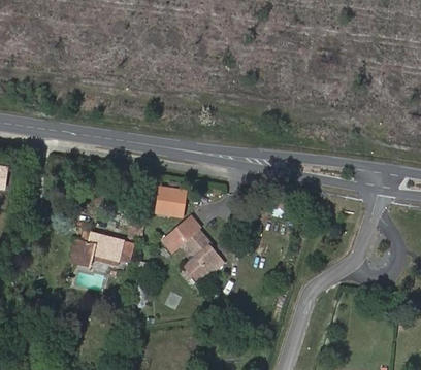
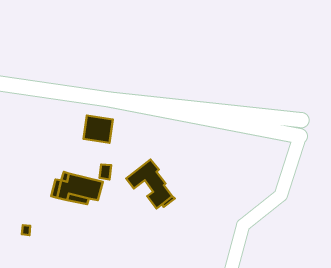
building: [157,183,193,217] -> [83,115,113,143]

